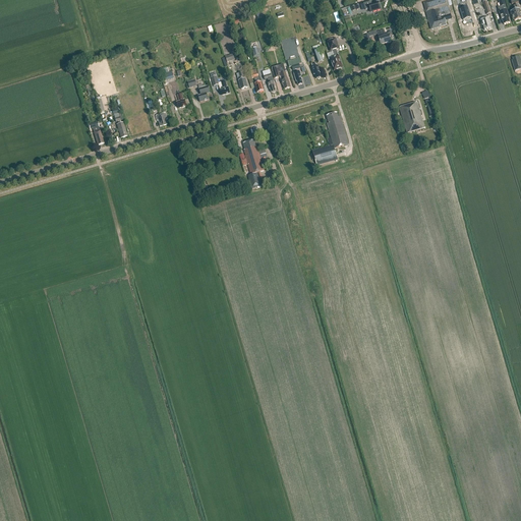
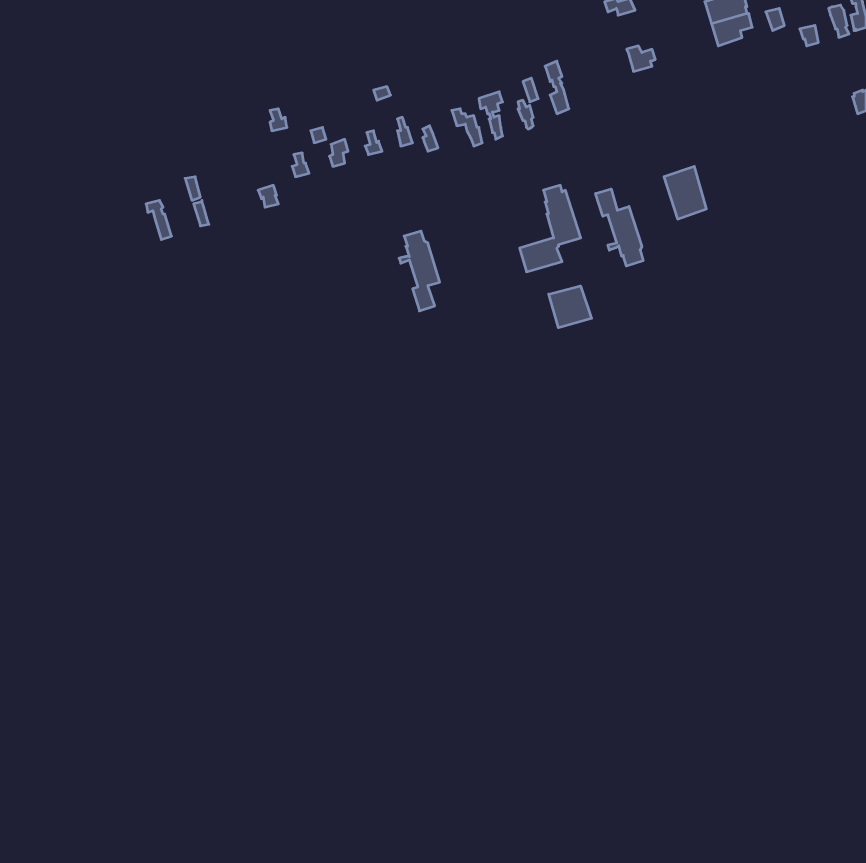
building: none -> [596,189,643,266]
building: none -> [549,286,592,328]

